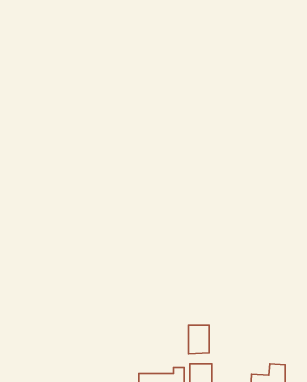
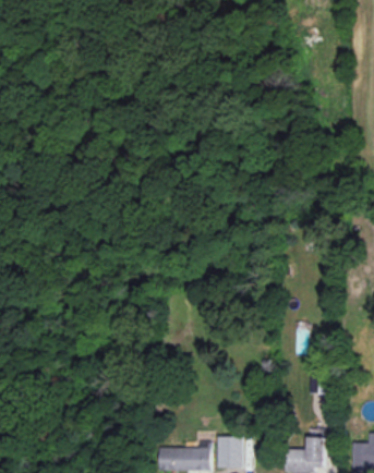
building: [188,325,209,354] -> none

